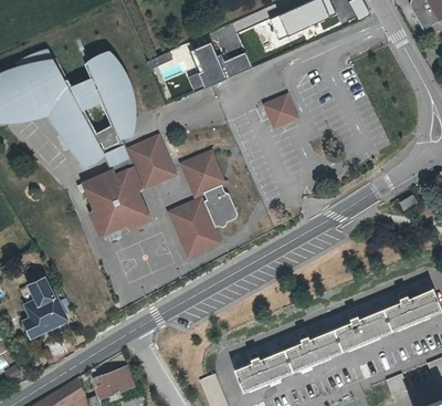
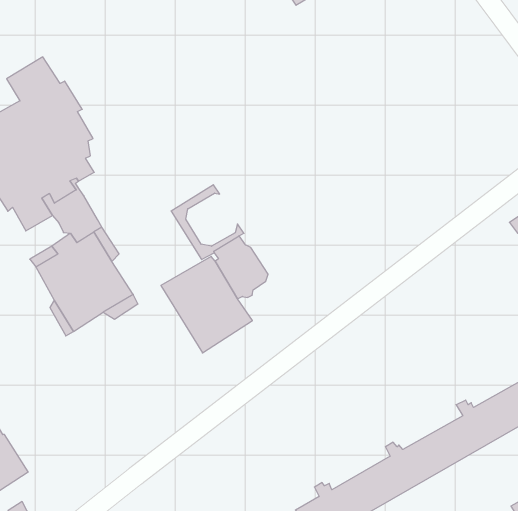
building: [188,43,252,92] -> none
building: [264,93,297,128] -> none
building: [128,133,177,187] -> none
building: [189,155,222,189] -> none

